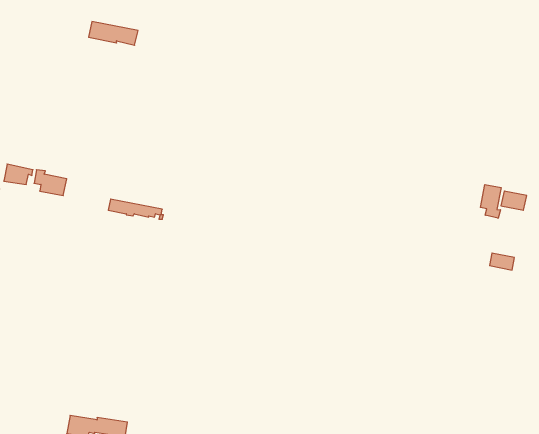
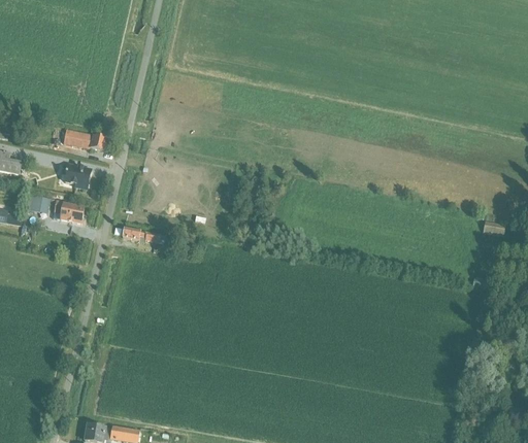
building: [89,22,138,45] -> [62,129,107,150]
building: none -> [62,164,89,189]
building: [480,185,501,218] -> none

